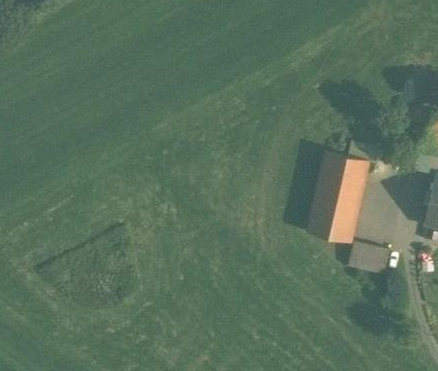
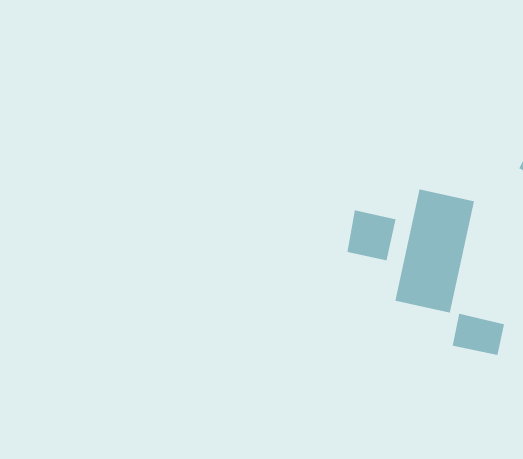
building: none -> [347,210,396,261]

